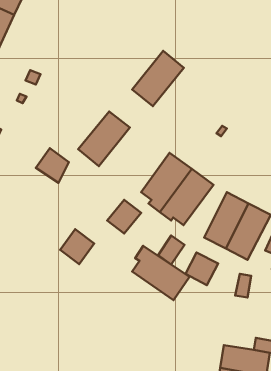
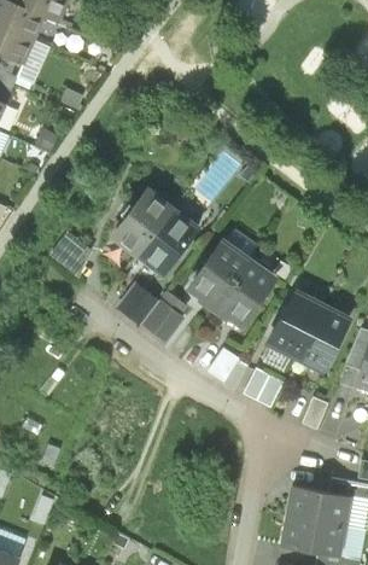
building: [132,51,184,106] -> [132,206,198,278]
building: [60,229,94,264] -> [116,280,159,325]
building: [132,246,190,300] -> none

